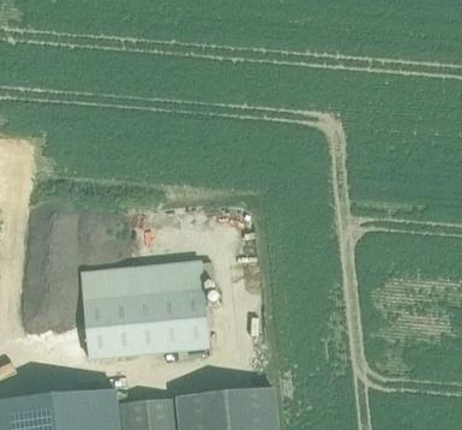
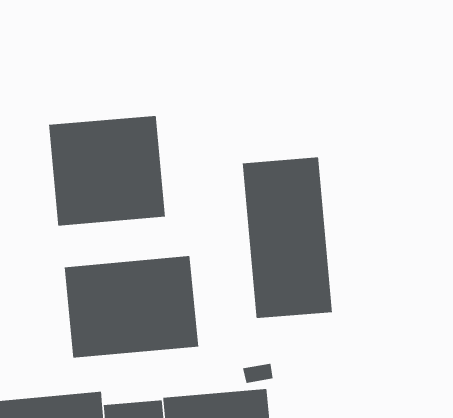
building: none -> [49,115,165,226]
building: none -> [242,157,333,319]

